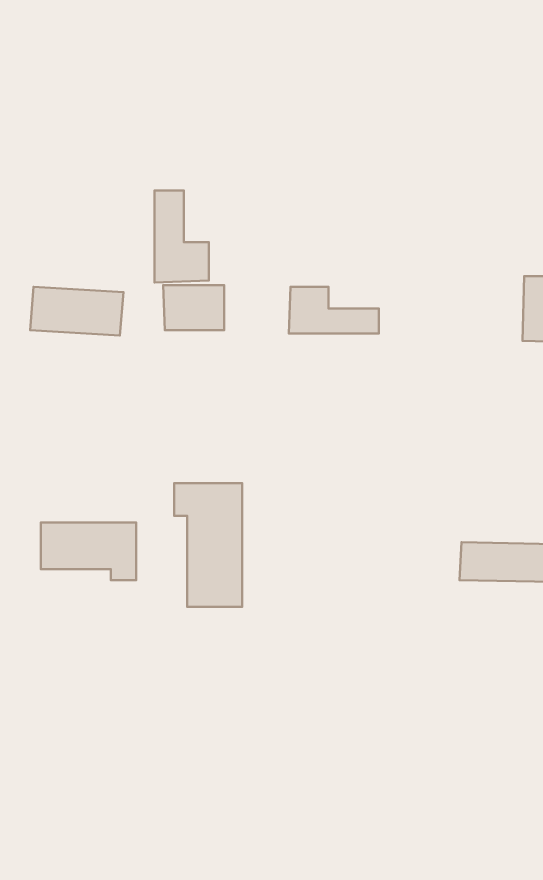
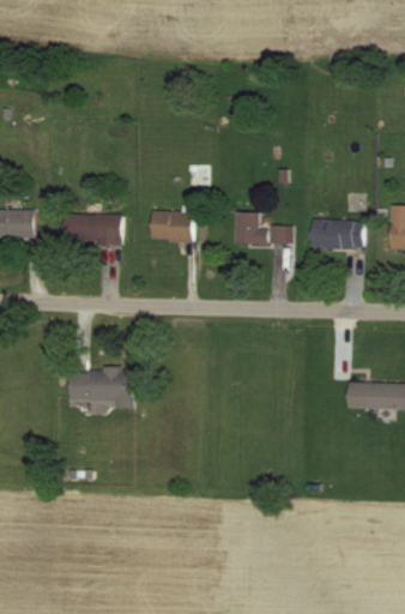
building: [155,191,209,282] -> none
building: none -> [309,219,363,249]
building: [174,483,242,607] -> none

